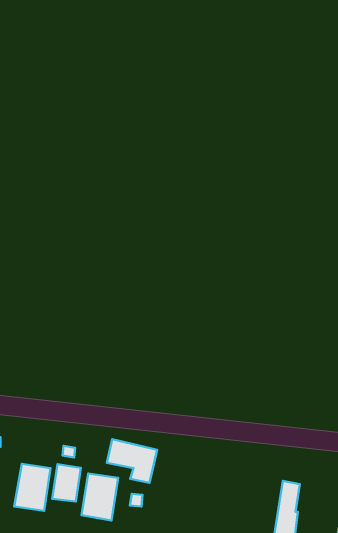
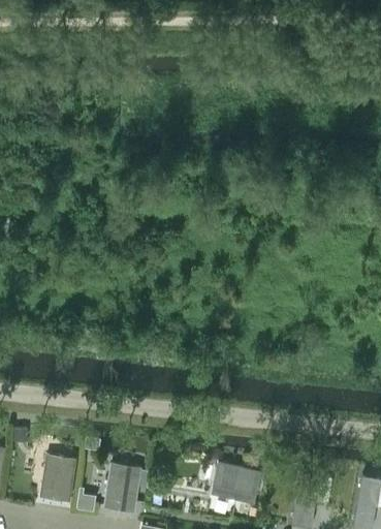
building: [107,439,157,483] -> [213,462,261,504]
building: [52,464,81,502] -> none

